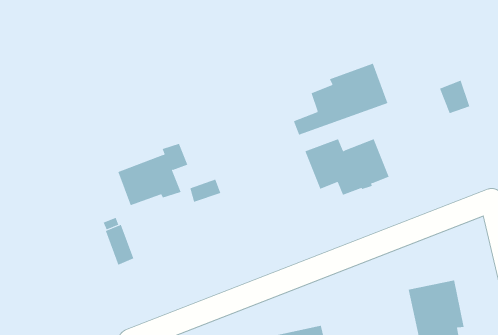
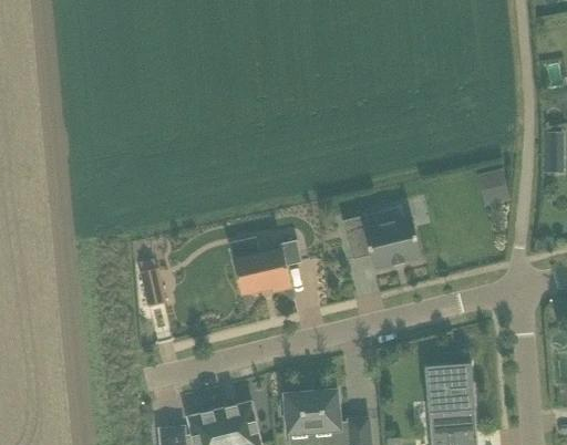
building: [293,63,388,135] -> none
building: [118,143,188,206] -> [234,240,302,294]

